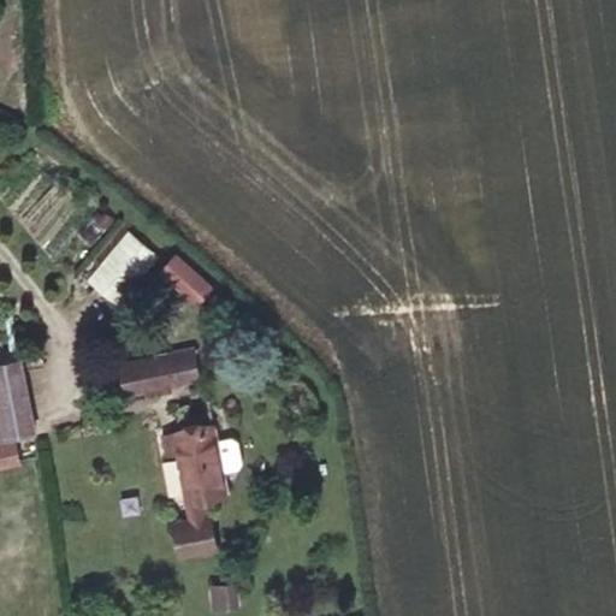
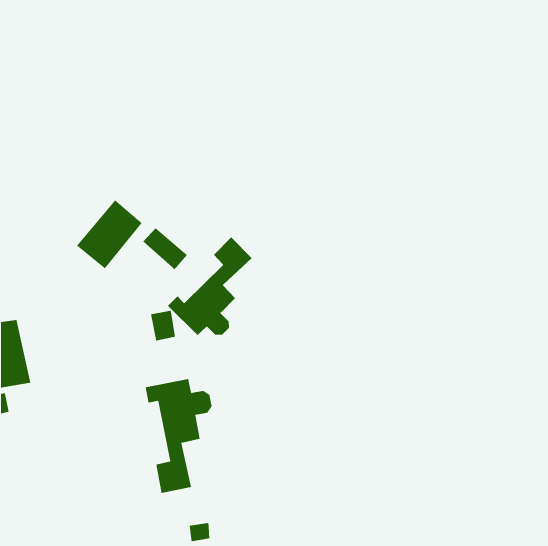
building: none -> [167,236,253,336]
building: [122,355,174,393] -> none

